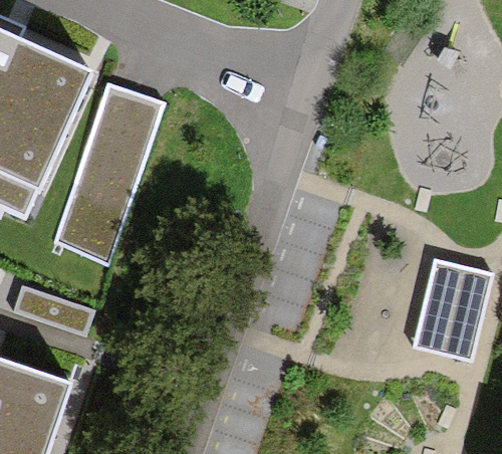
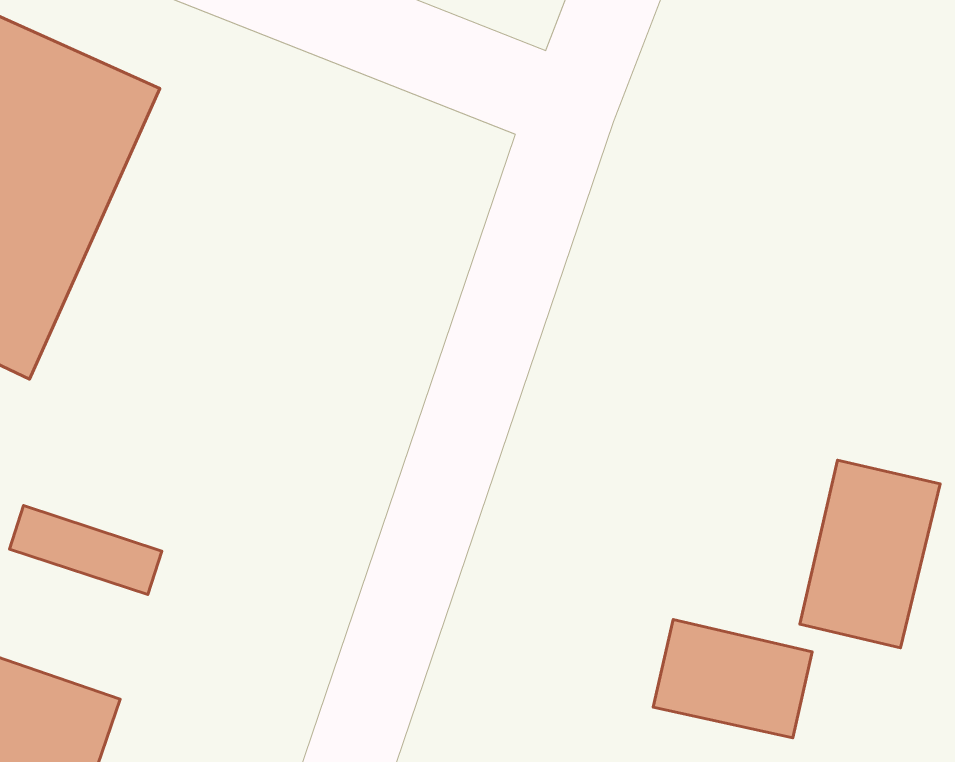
building: [55,84,164,256] -> none
building: none -> [653,619,812,738]

